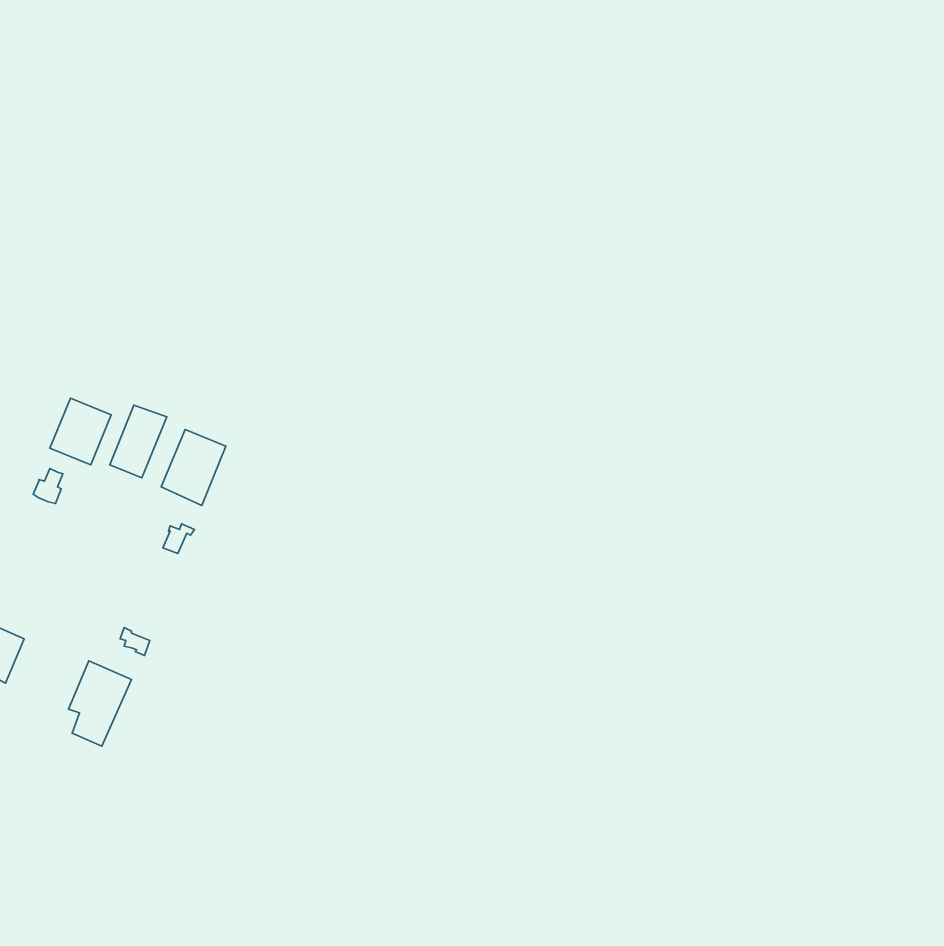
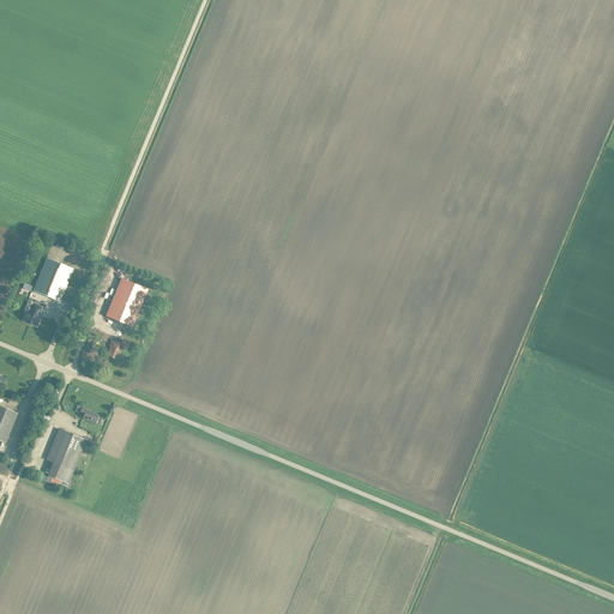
building: [110,405,167,478] -> none

